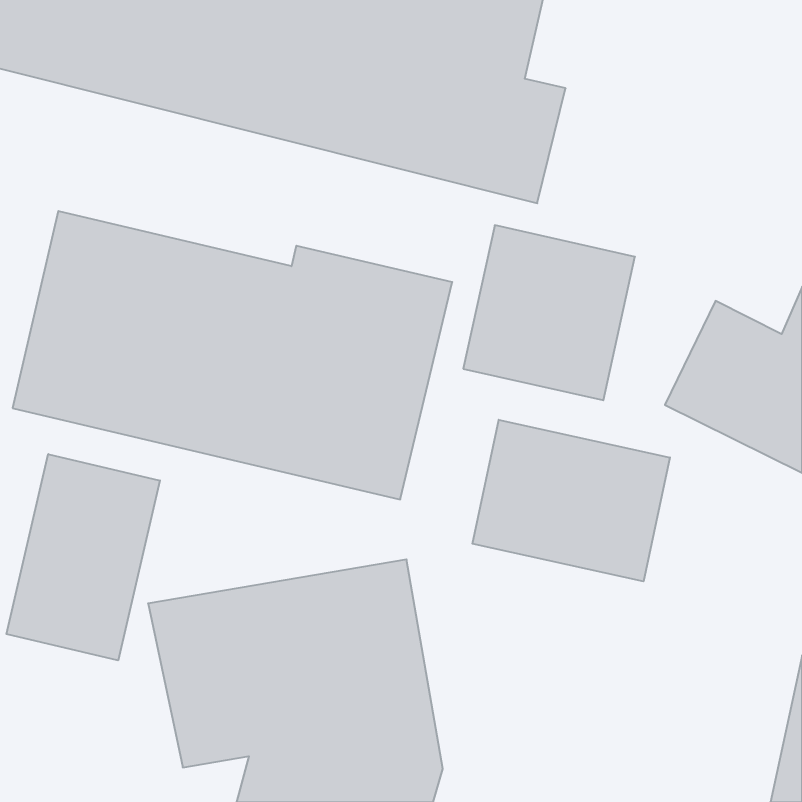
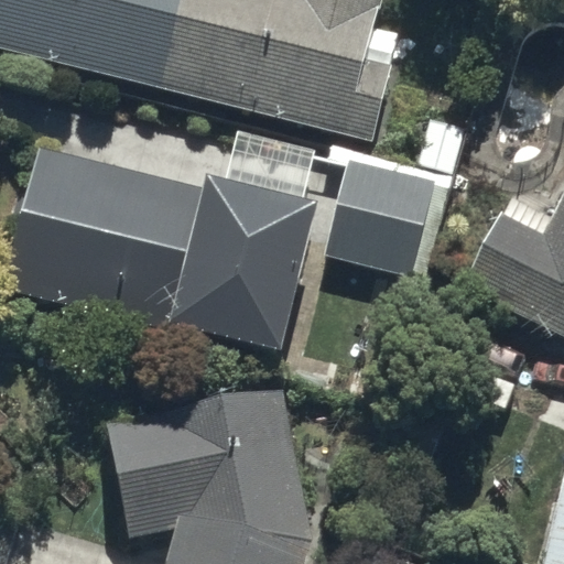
building: [472,420,670,581] -> none
building: [6,454,160,660] -> none

